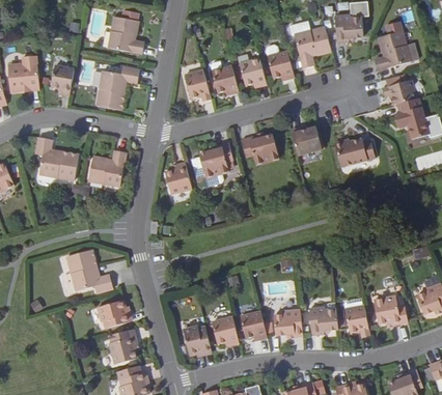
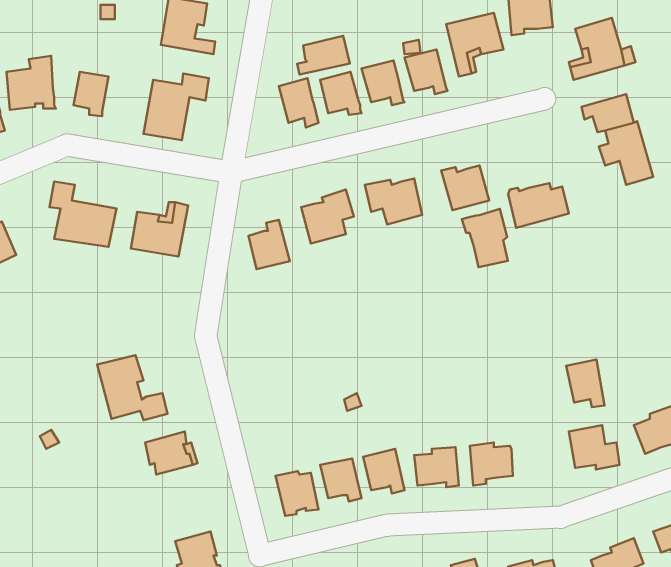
building: none -> [297,36,350,74]
building: none -> [462,209,508,267]
building: [344,305,369,336] -> [566,359,605,407]
building: [109,336,138,364] -> none

